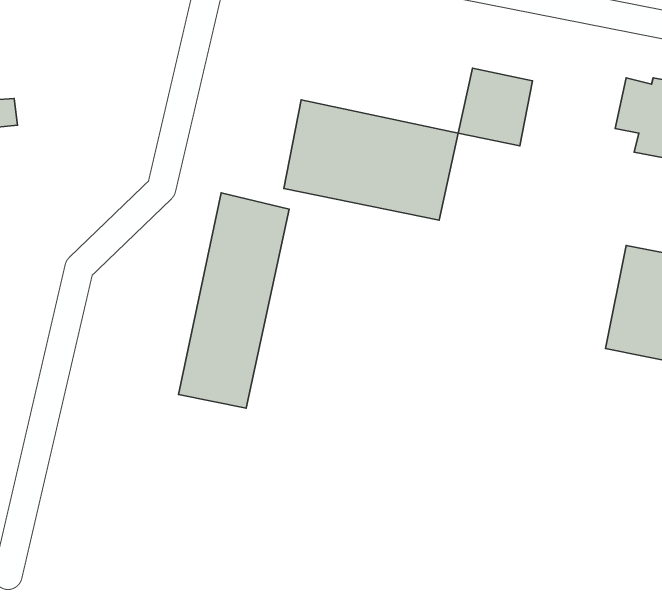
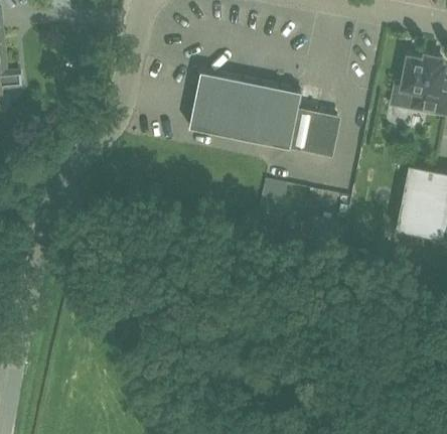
building: [458,68,533,146] -> [289,108,336,157]
building: [178,193,289,408] -> none

